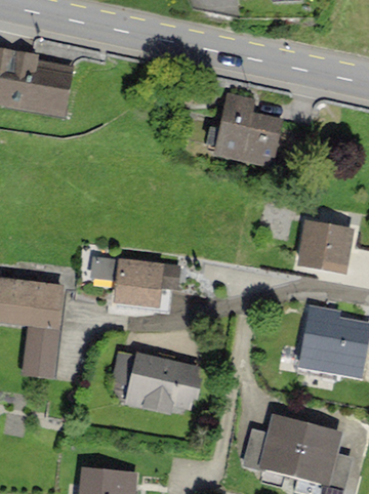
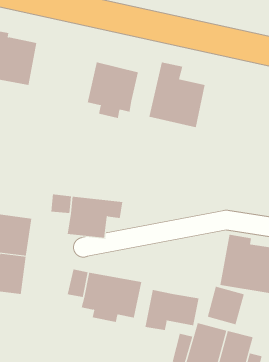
building: none -> [87,61,138,119]
building: [294,220,353,279] -> none
building: none -> [207,286,244,325]
building: none -> [145,289,199,331]

